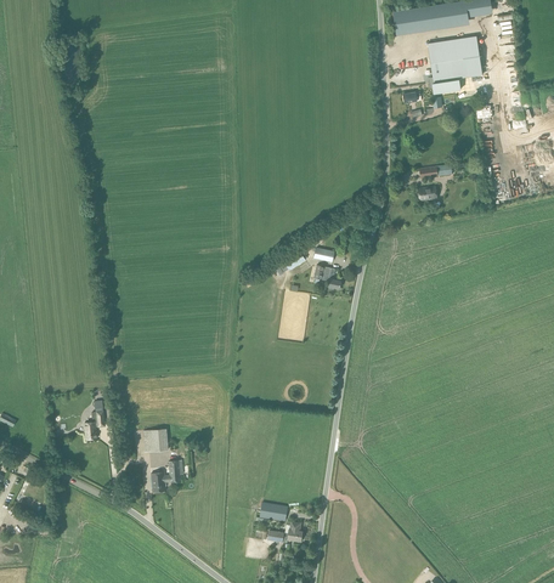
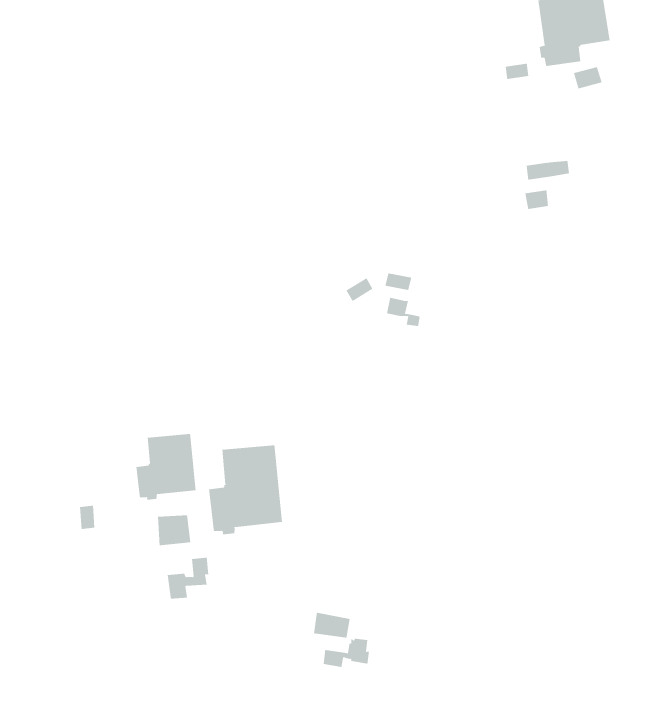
building: none -> [136,433,196,500]
building: none -> [209,445,283,535]

